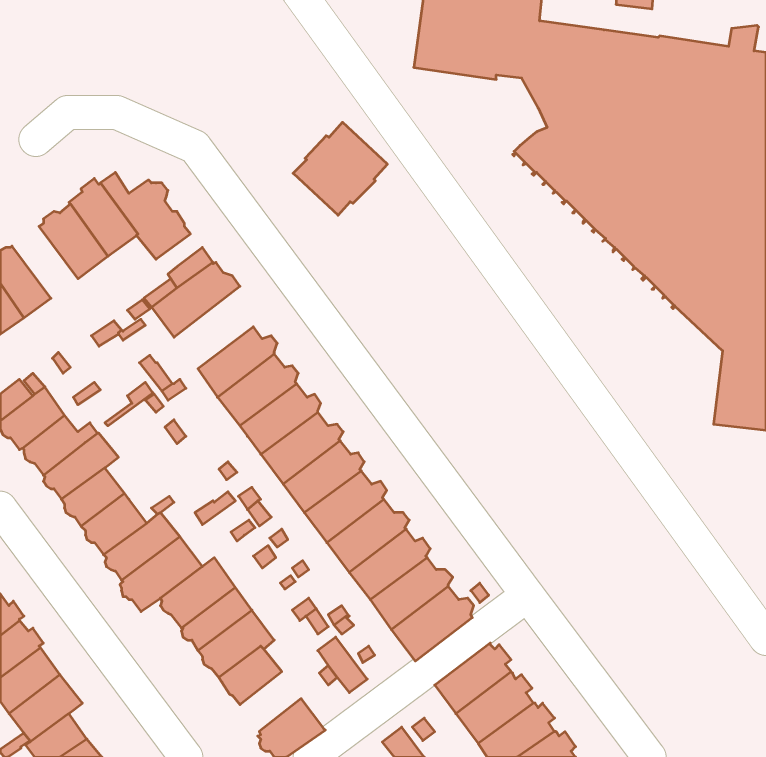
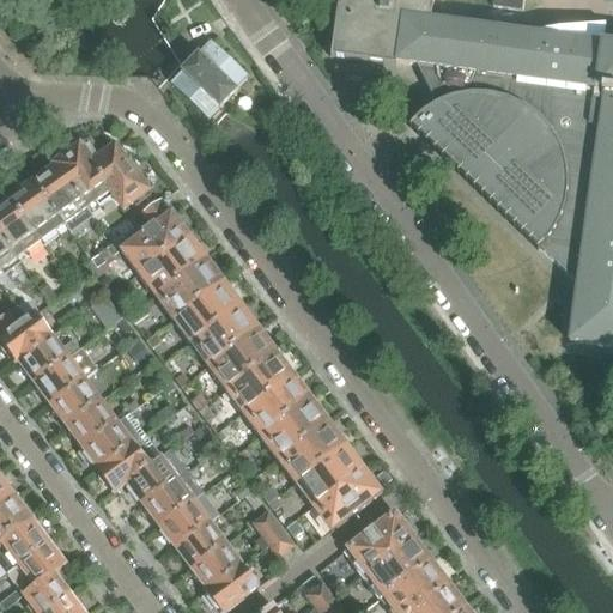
building: [293,122,387,215] -> [171,41,247,115]
building: none -> [10,181,62,238]
building: none -> [139,229,208,295]
building: none -> [192,536,241,584]

